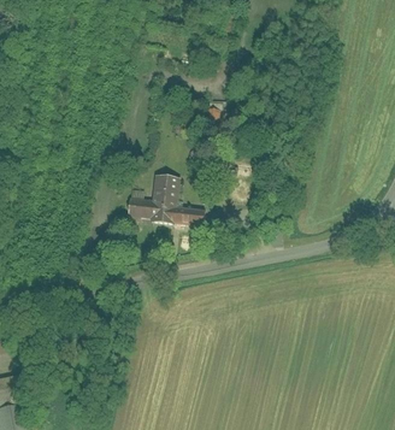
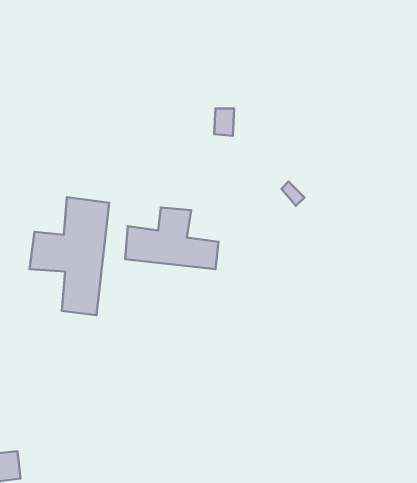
building: none -> [30,197,109,315]

